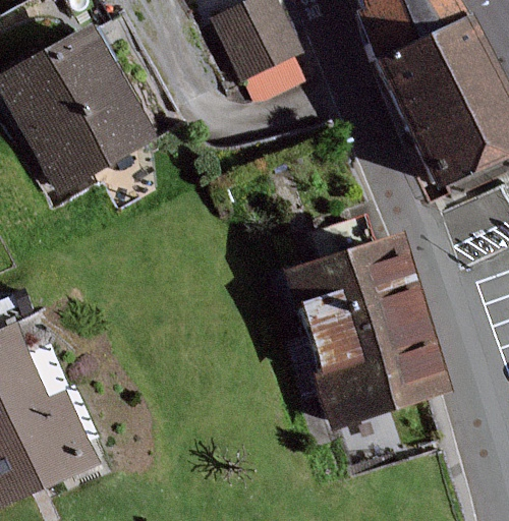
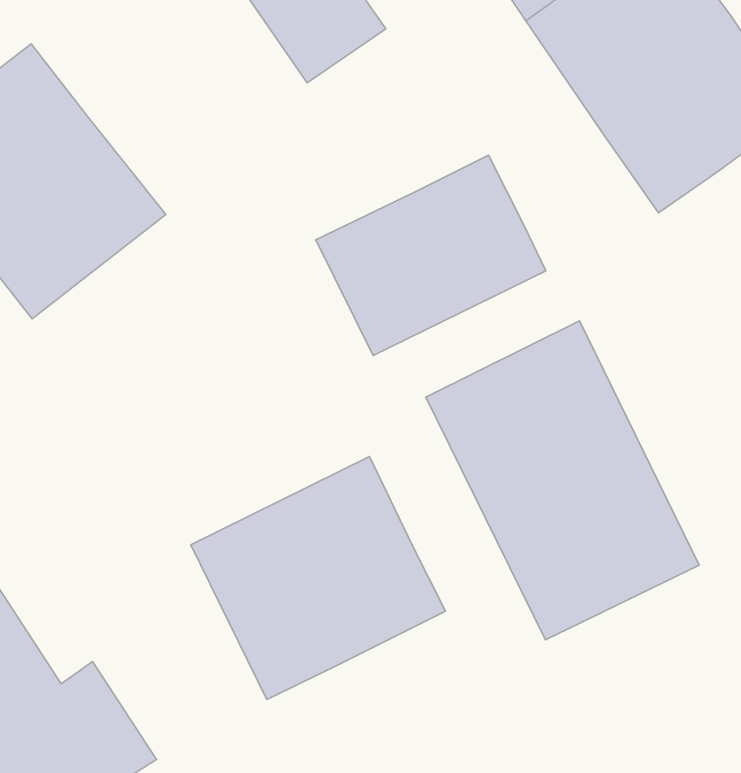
building: none -> [316,155,546,356]
building: none -> [191,456,446,700]

